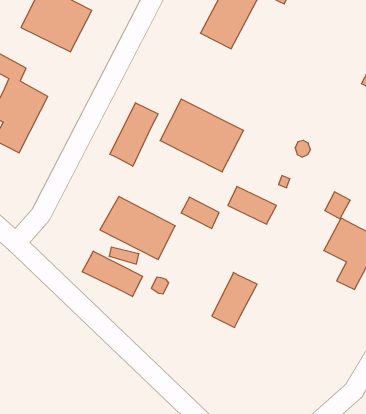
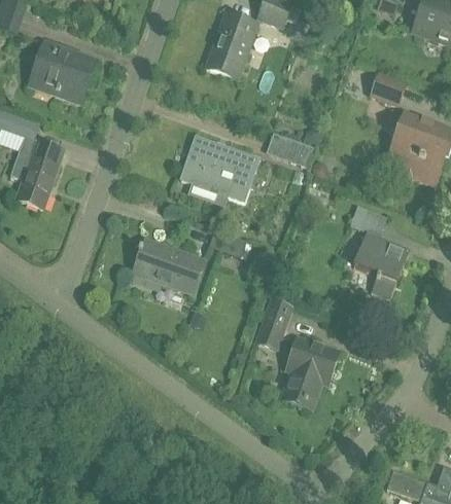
building: [110,103,158,166] -> none
building: [228,187,276,224] -> [267,133,314,166]
building: [82,251,143,297] -> none
building: none -> [283,337,340,408]

